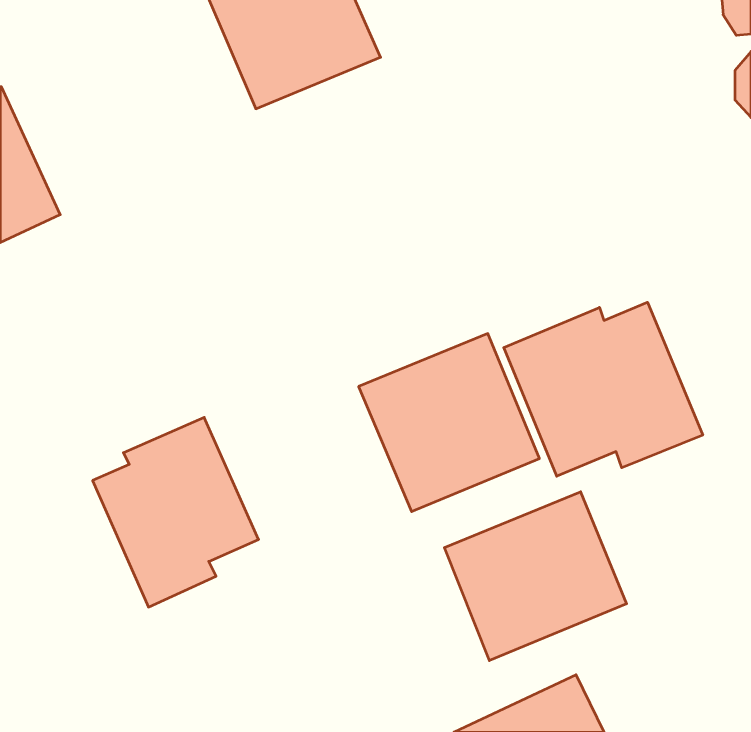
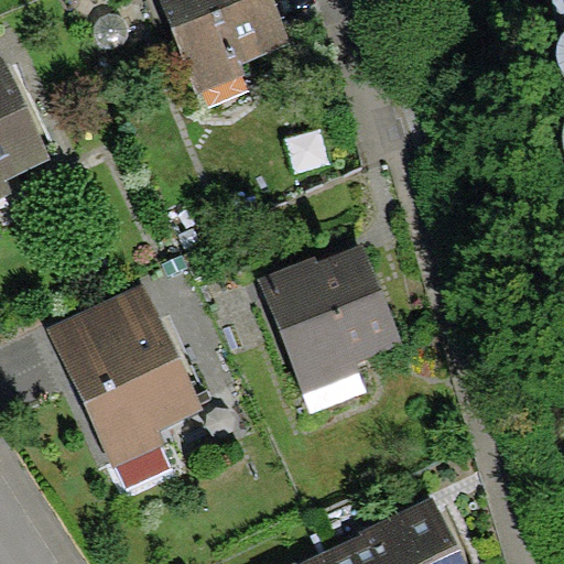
building: [504,302,703,476] -> none
building: [444,492,627,661] -> none

